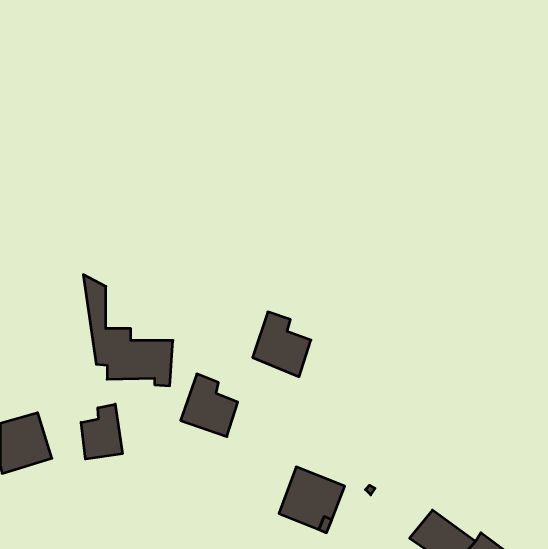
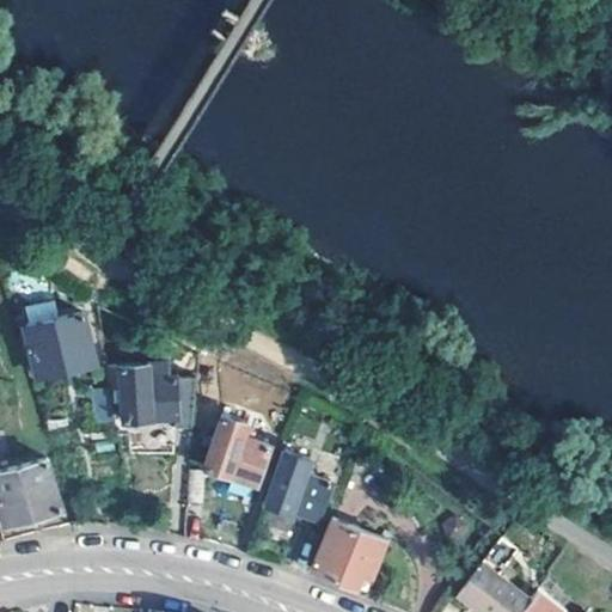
building: none -> [19,317,93,379]
building: [253,312,311,377] -> [267,452,331,524]
building: [81,404,122,459] -> none

